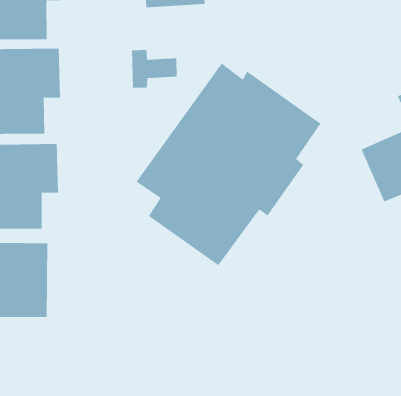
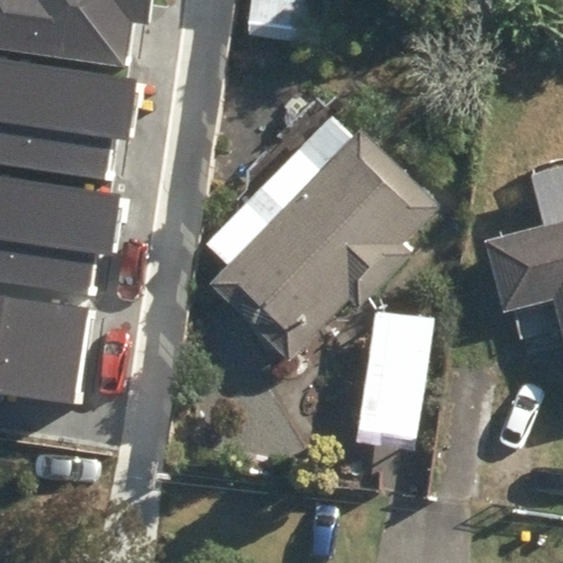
building: none -> [354,312,435,454]

